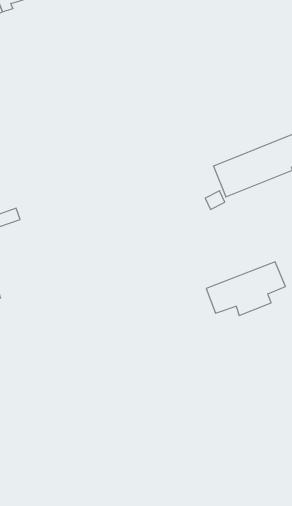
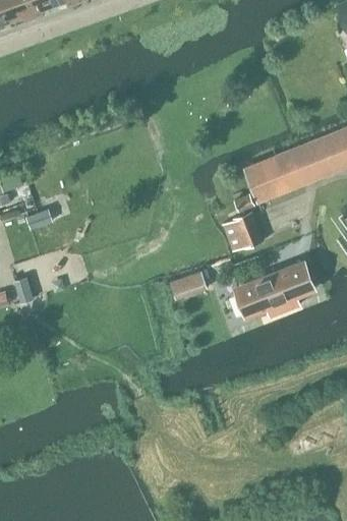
building: none -> [222,212,263,252]
building: none -> [171,270,210,302]

